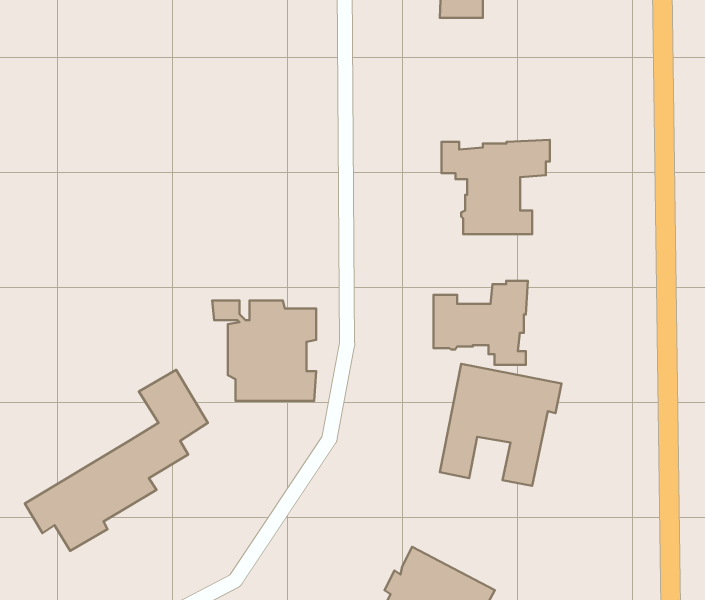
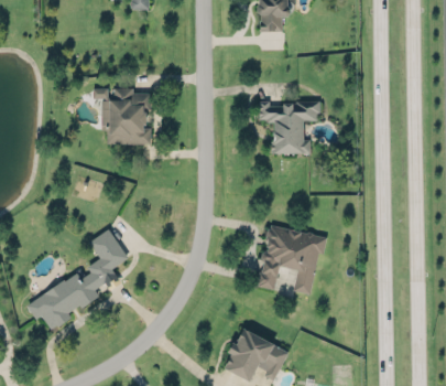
building: [434,281,528,365] -> none
building: [212,301,316,401] -> [93,88,151,144]

